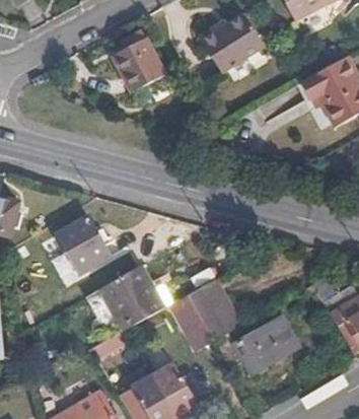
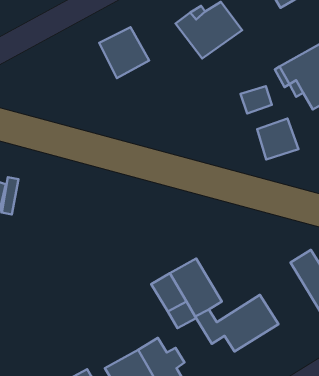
building: none -> [257,119,298,159]
building: [58,216,111,273] -> none
building: [94,270,157,335] -> none

